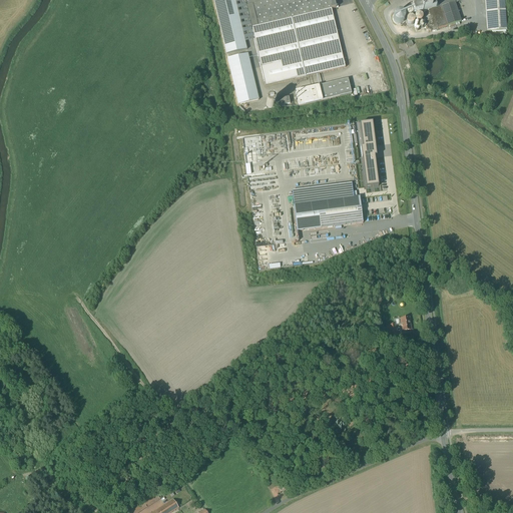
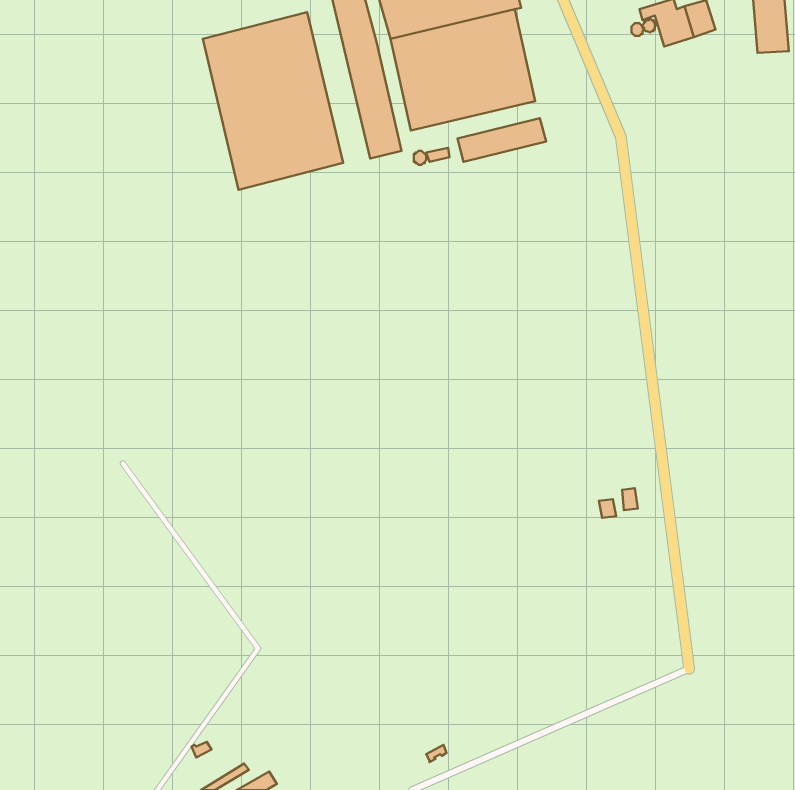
building: none -> [203,12,343,190]
building: [359,120,378,185] -> none
building: [291,180,363,227] -> none

